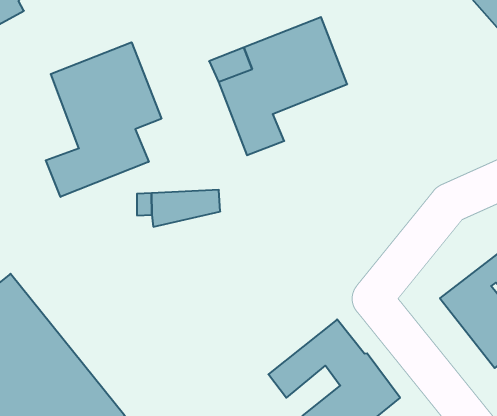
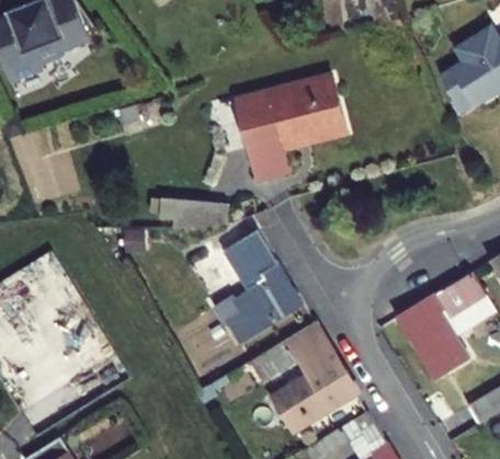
building: [46,42,161,197] -> none
building: none -> [220,233,302,341]

